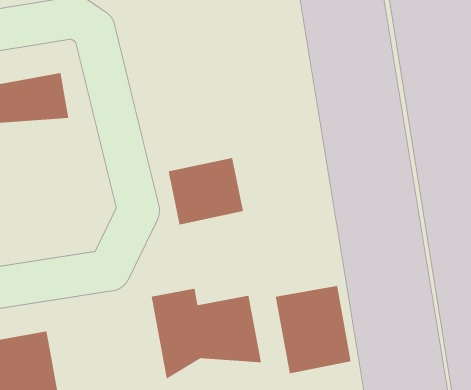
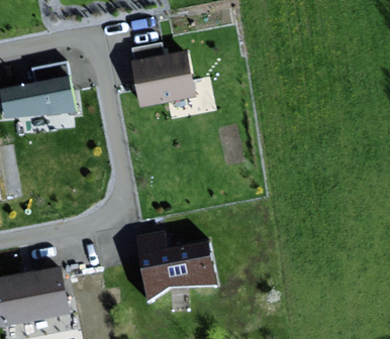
building: [168,157,244,225] -> [137,53,193,103]
building: [275,285,351,374] -> none

